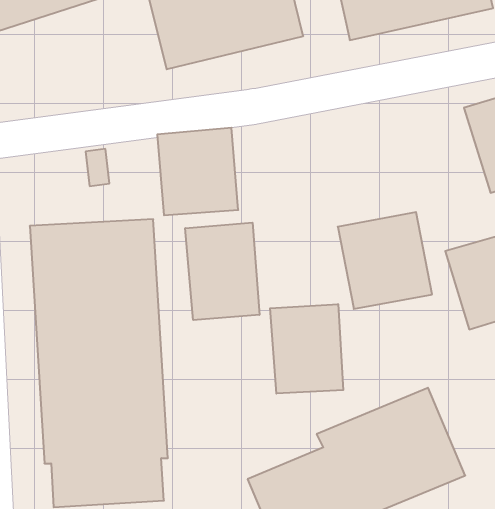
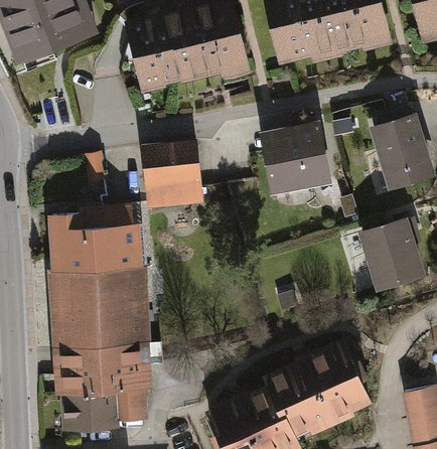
building: [338,212,432,309] -> [263,120,334,193]
building: [185,223,259,320] -> none
building: [270,304,343,394] -> none

